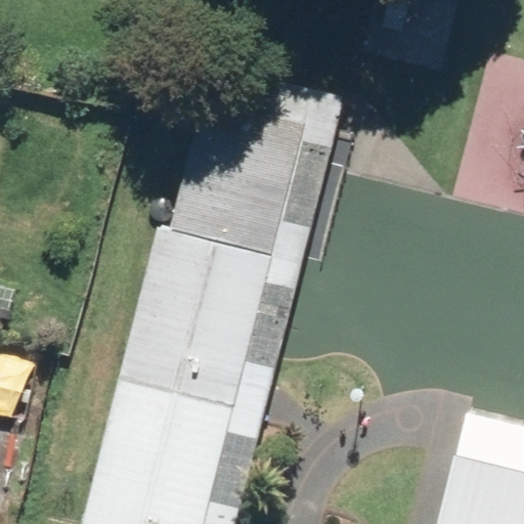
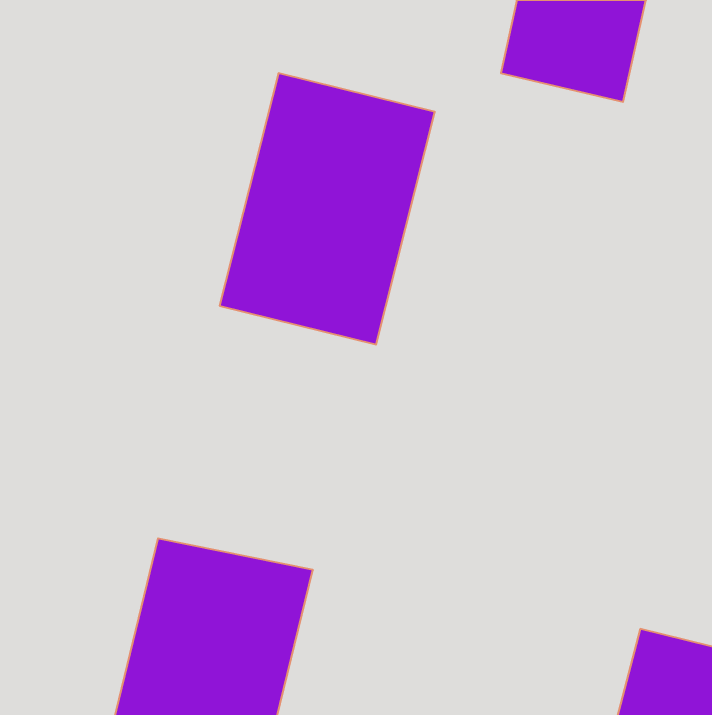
building: [131,231,281,412] -> none

